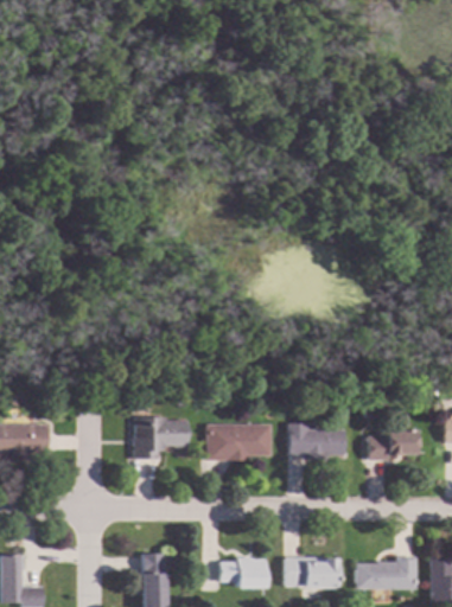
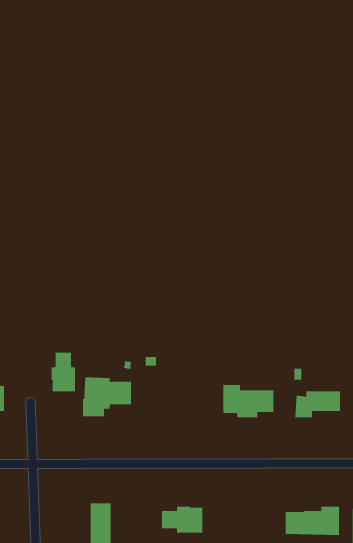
building: none -> [51,352,75,392]
building: [208,424,270,461] -> none
building: [286,557,337,588] -> none

